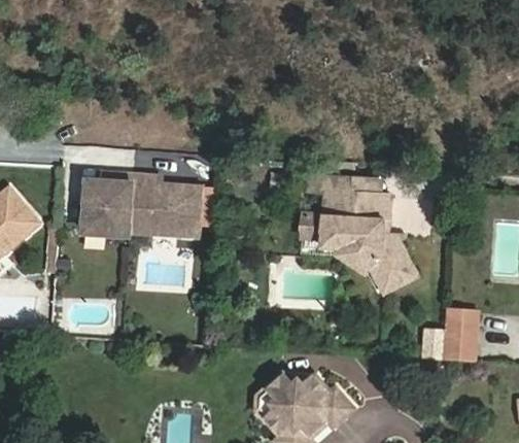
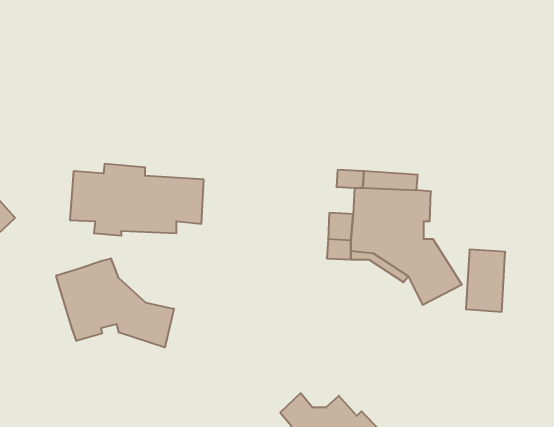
building: none -> [56,258,174,347]
building: [446,307,480,361] -> [466,250,505,312]

